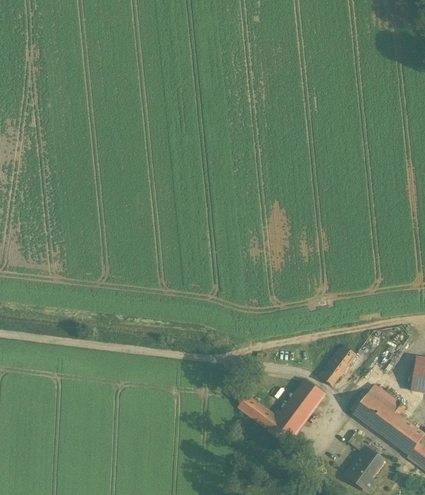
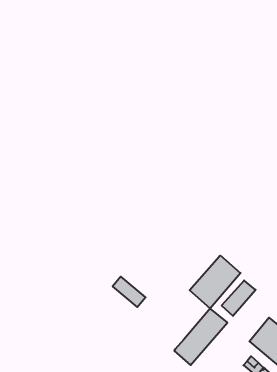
building: none -> [190,256,241,308]
building: [238,395,277,429] -> [113,277,146,307]

